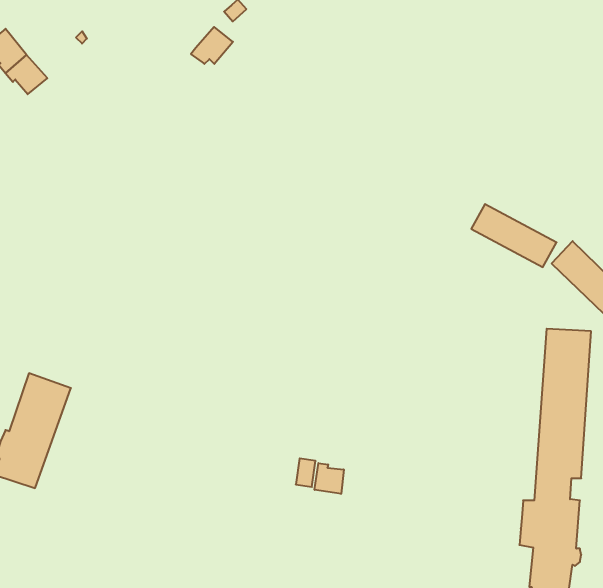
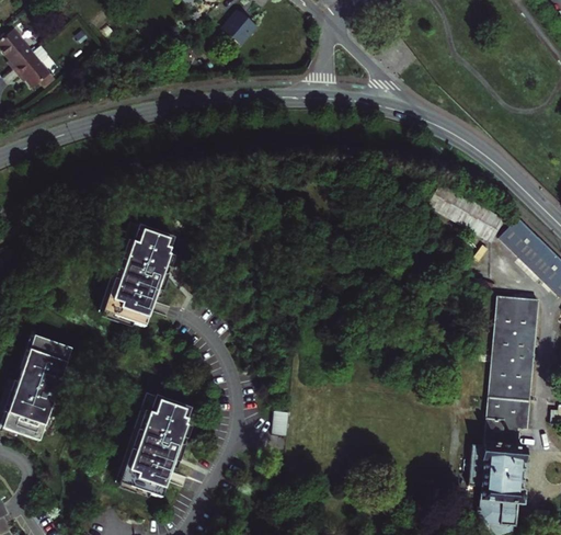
building: [191,27,233,64] -> [222,11,260,44]
building: none -> [102,223,178,328]
building: none -> [118,392,193,498]
building: [315,463,344,494] -> none

